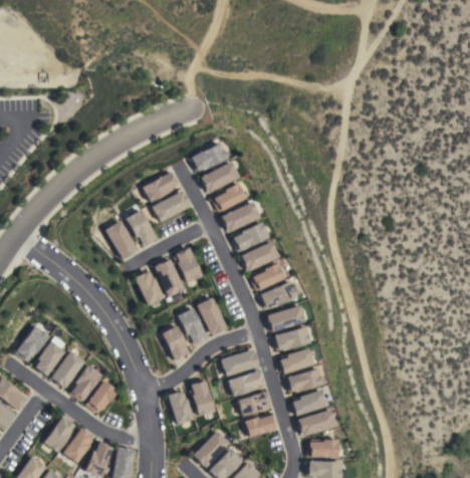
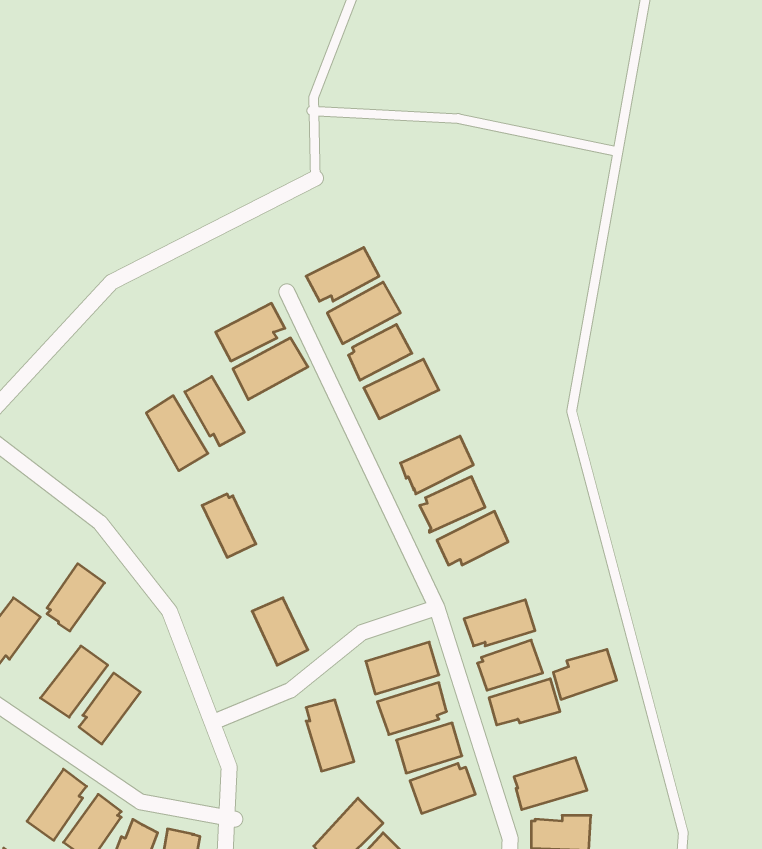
building: [231,221,267,252] -> none
building: [175,247,202,282] -> none
building: [155,259,184,296] -> none
building: [197,297,227,334] -> none
building: [266,305,303,331] -> none
building: [178,307,207,344] -> none
building: [36,340,66,376] -> [47,564,105,631]
building: [86,380,119,413] -> none
building: [292,390,325,416] -> [553,649,617,699]
building: [168,391,193,425] -> none

